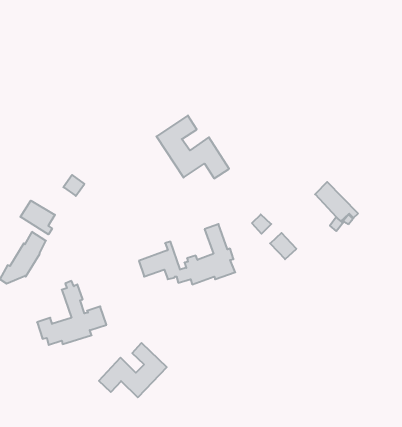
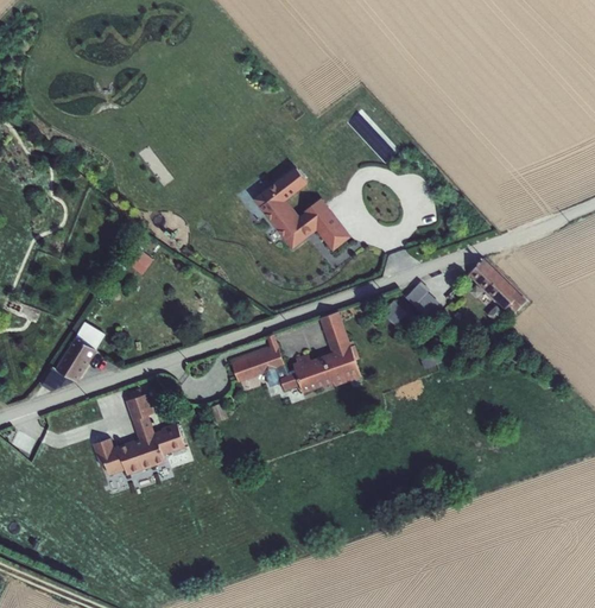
building: [20,201,55,234] -> none
building: [270,233,296,259] -> [405,280,441,316]
building: [99,343,167,397] -> none

